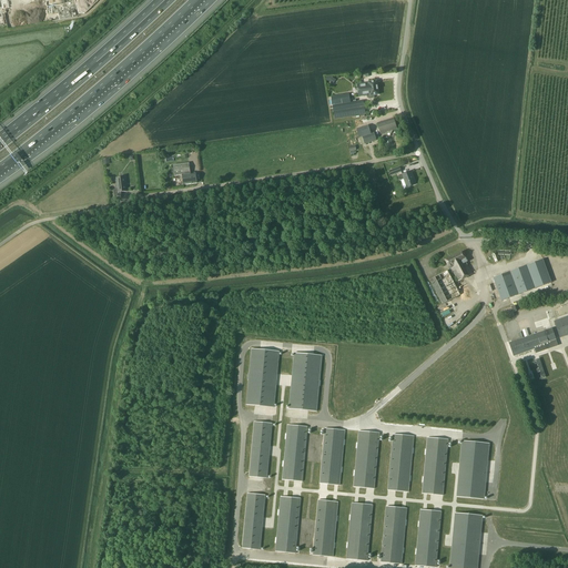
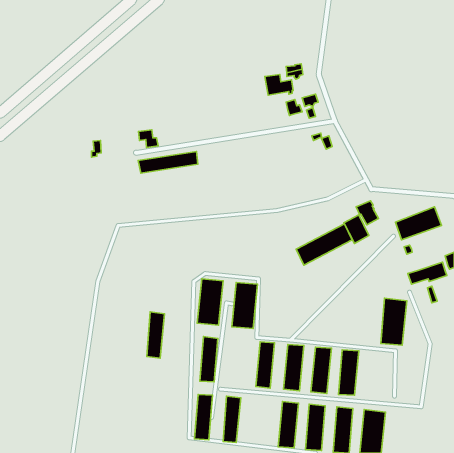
building: none -> [138,152,198,173]
building: none -> [296,224,352,265]
building: [285,424,307,481] -> [147,312,165,358]
building: [457,439,489,498] -> [381,298,407,345]
building: [313,498,336,556] -> none

